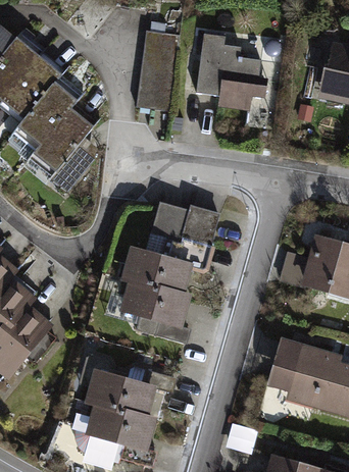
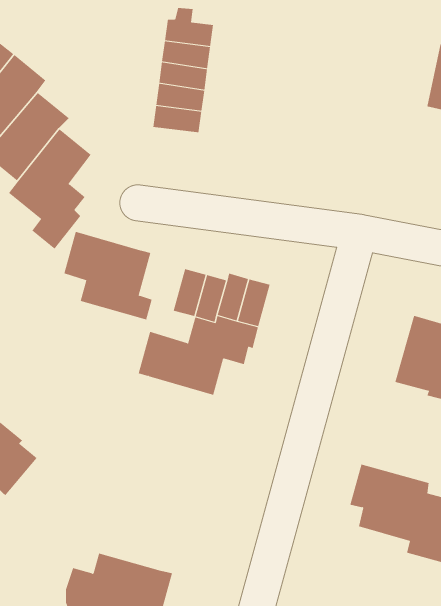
building: [196,33,260,106] -> none
building: [124,279,187,342] -> [64,231,153,320]
building: [79,353,173,415] -> none

